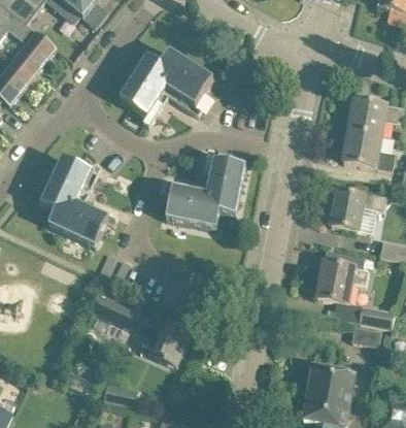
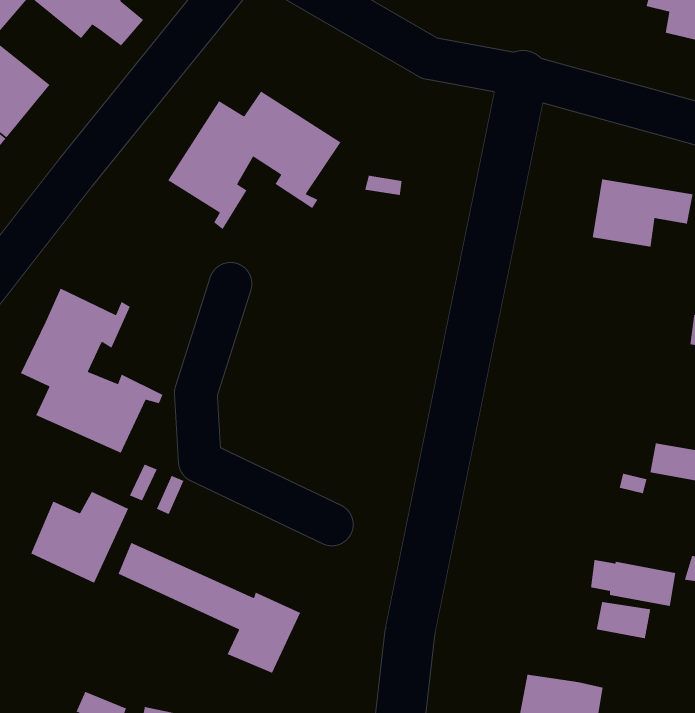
building: [342,130,393,170] -> none
building: [164,151,244,229] -> none
building: [326,190,383,230] -> none
building: [316,261,367,303] -> none
building: none -> [30,491,129,584]

